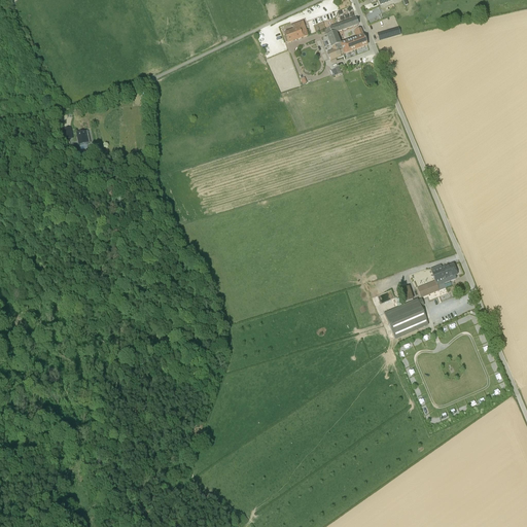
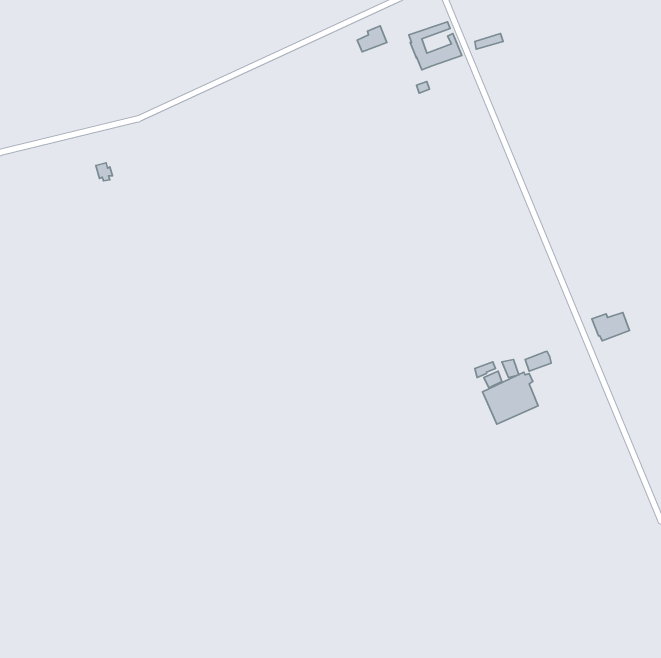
building: [429,261,459,284] -> [592,312,629,341]

